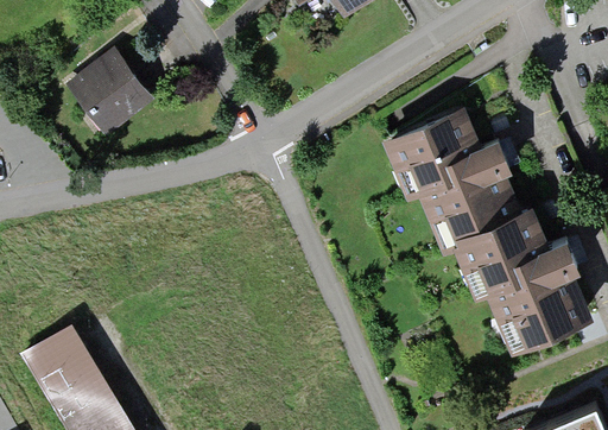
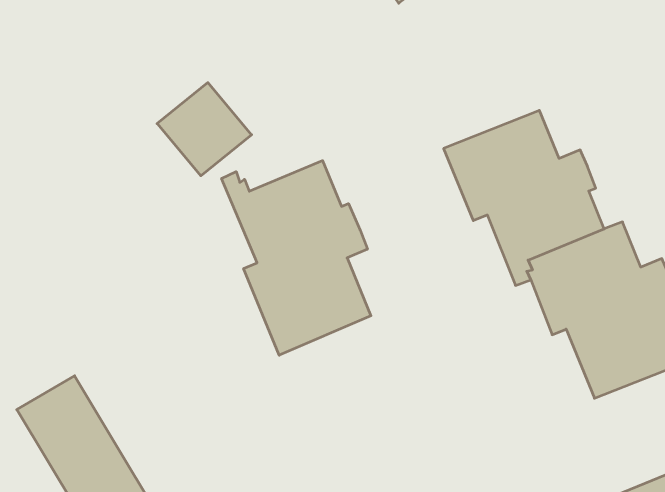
building: [68,55,147,133] -> [157,83,252,176]
building: none -> [222,161,371,355]

